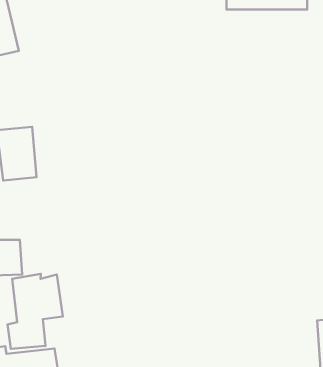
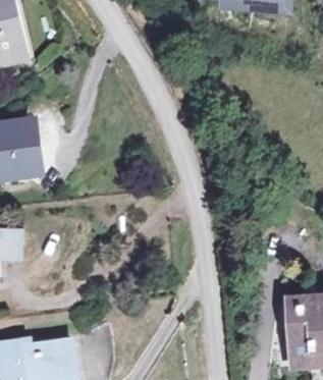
building: [7,274,63,349] -> none

